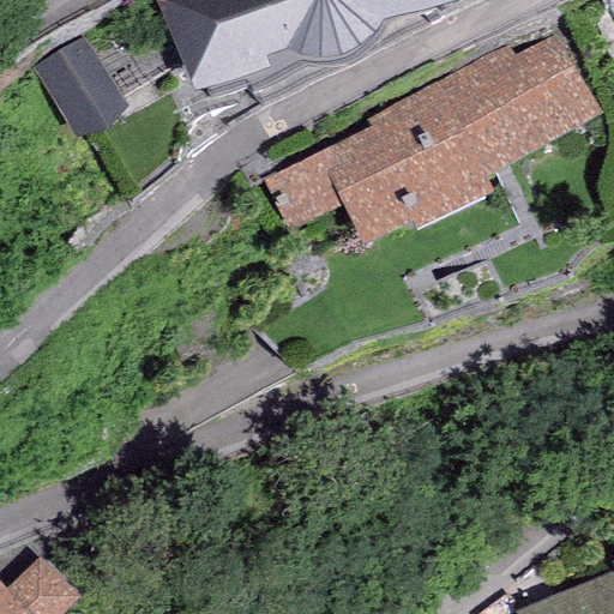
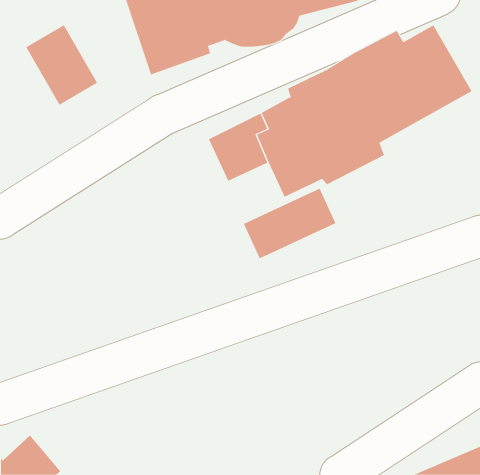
building: none -> [243,188,336,259]

